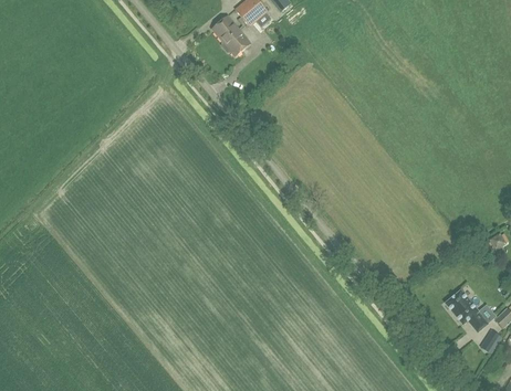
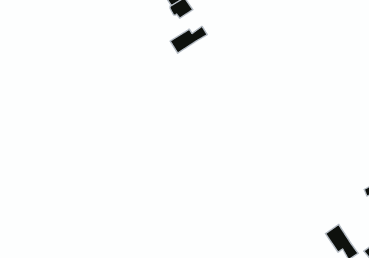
building: none -> [170,26,207,53]

